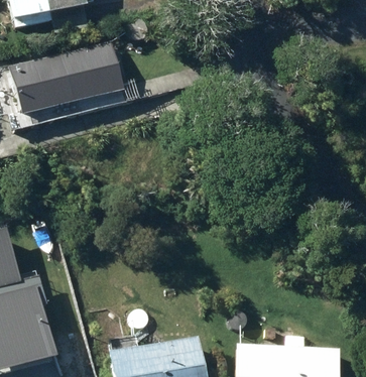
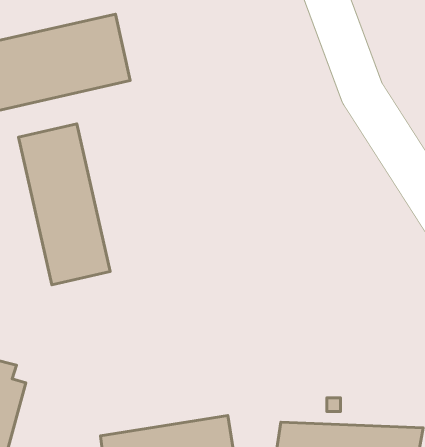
building: none -> [19,124,110,285]

